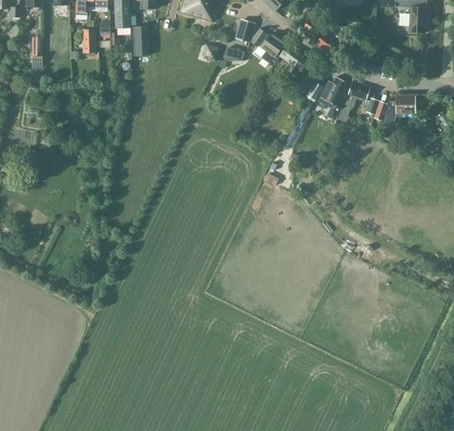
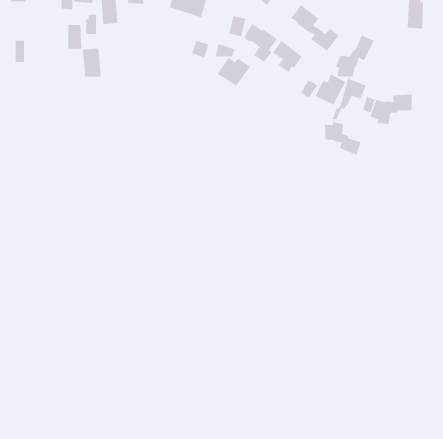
building: [131,26,150,54] -> [82,48,101,77]
building: none -> [335,35,375,77]
building: none -> [217,57,251,87]
building: none -> [324,121,361,155]

